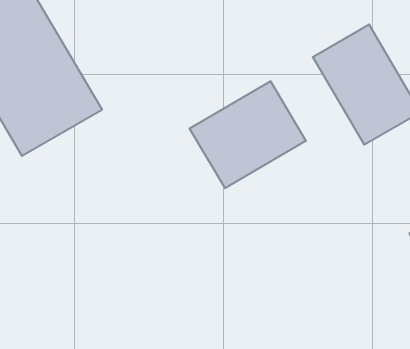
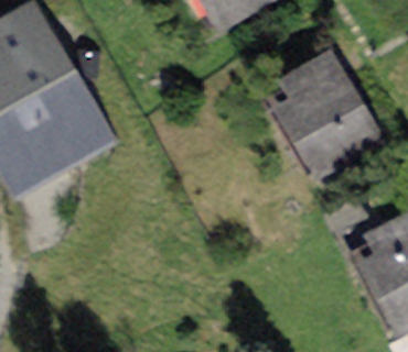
building: [190,81,306,188] -> none

